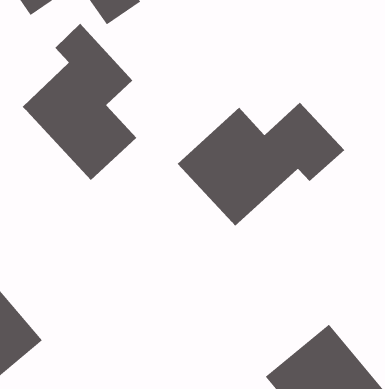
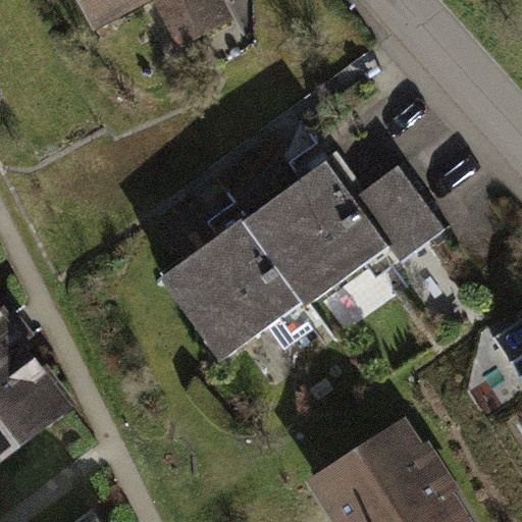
building: [22,23,137,181] -> none
building: none -> [161,221,301,360]

